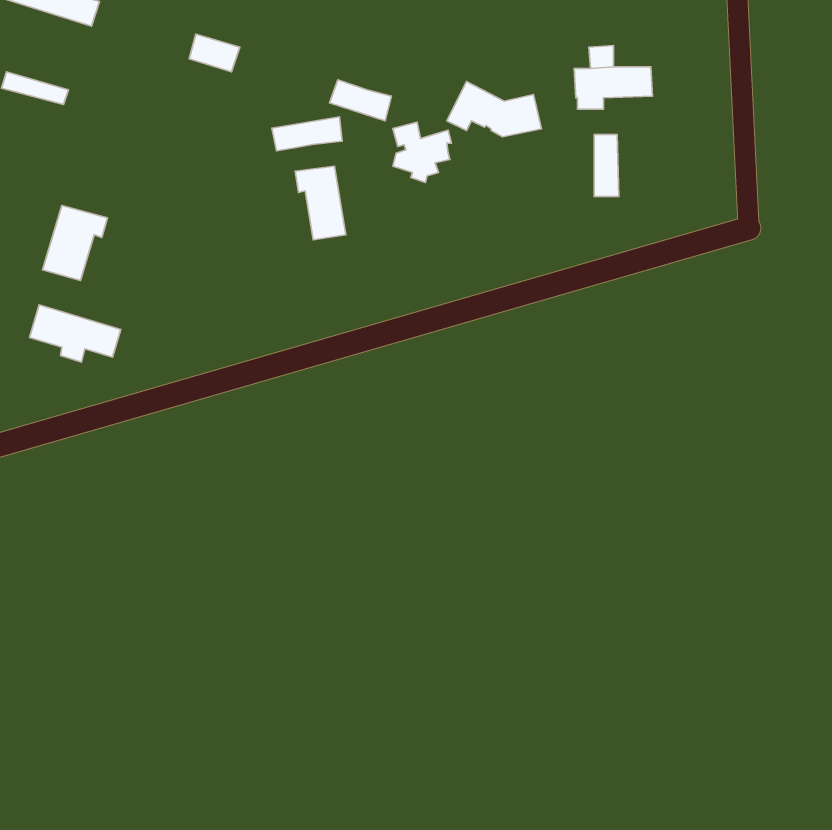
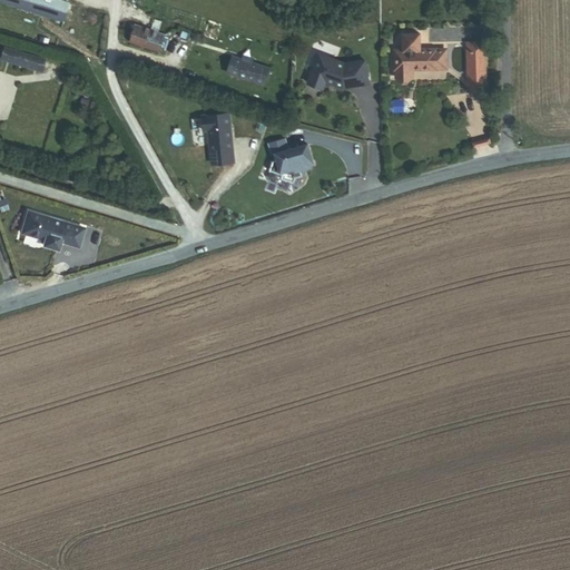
building: [272,117,342,151] -> none
building: [393,122,452,182] -> [269,138,309,179]
building: [594,134,619,196] -> [468,41,484,83]
building: [43,206,108,281] -> none

